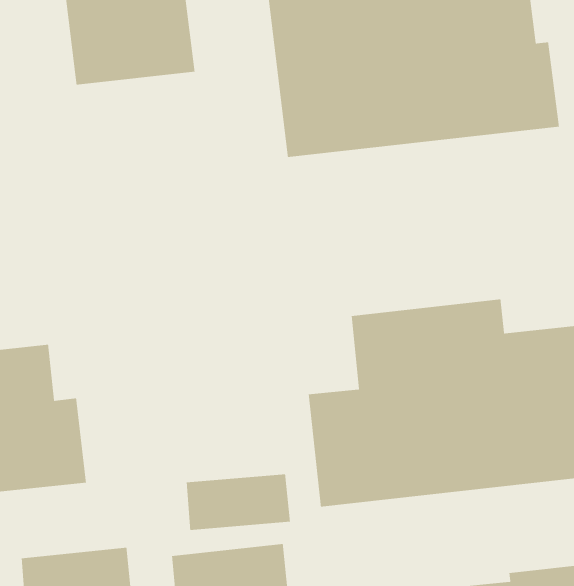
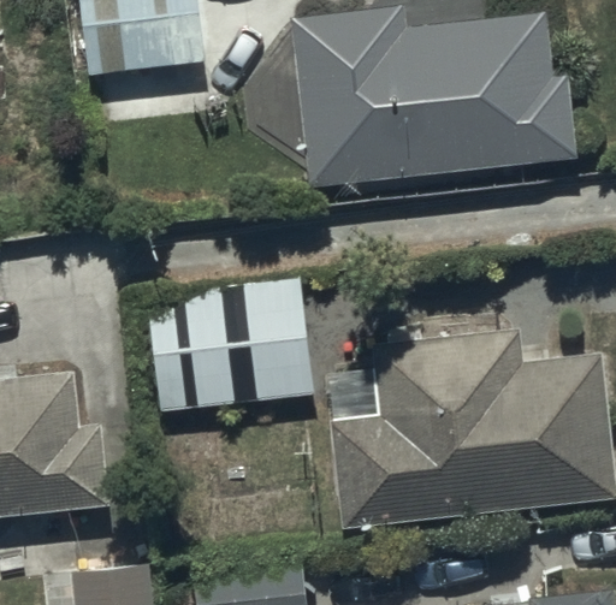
building: none -> [143,266,313,402]

